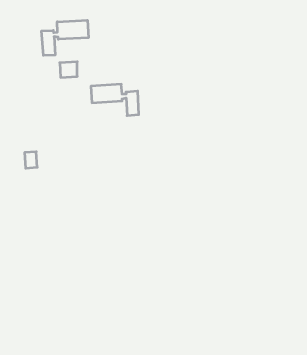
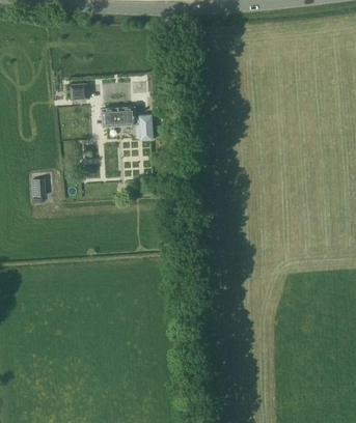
building: [42,20,88,55] -> none

